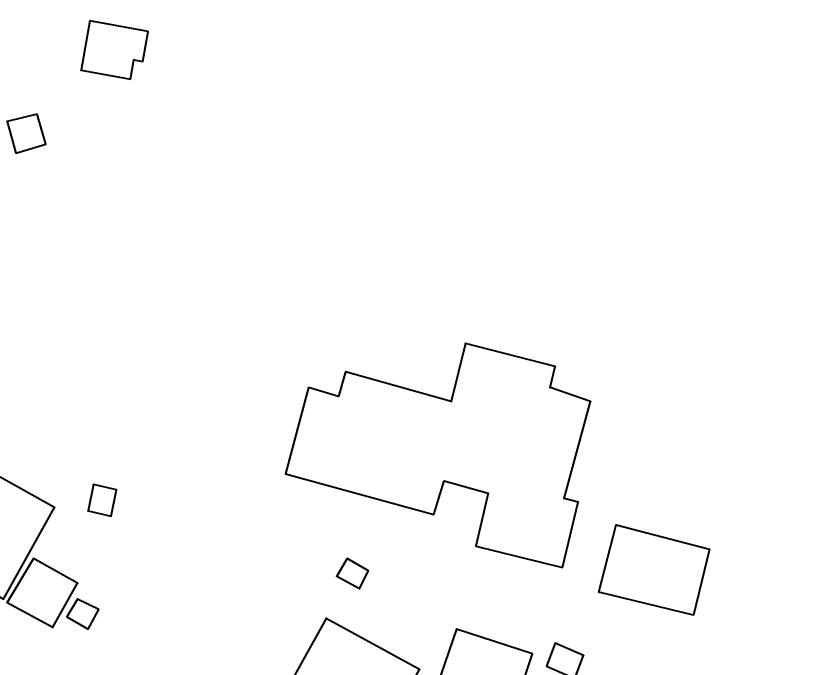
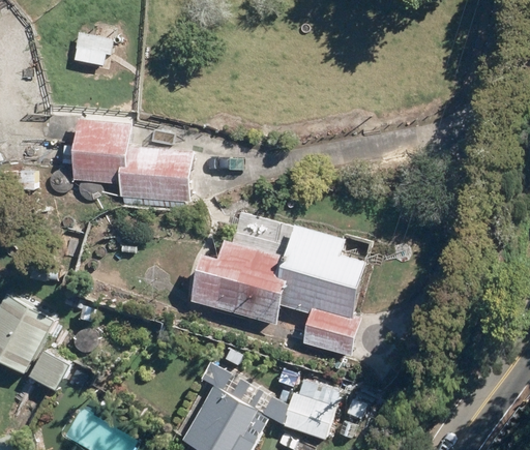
building: none -> [67,120,188,206]
building: [599,525,709,615] -> none

